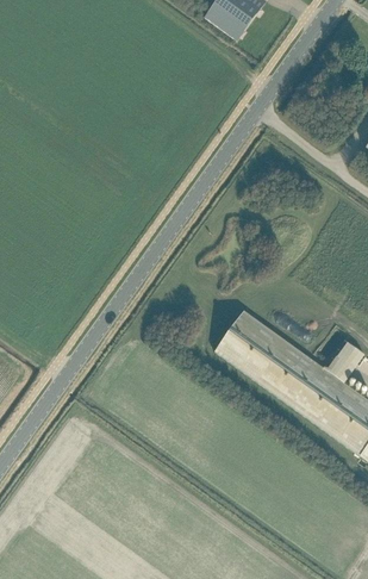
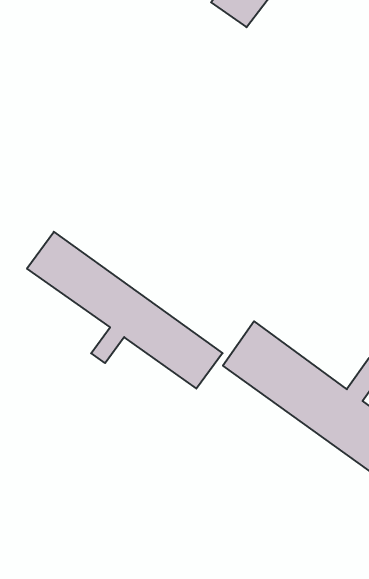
building: none -> [27,232,223,389]

